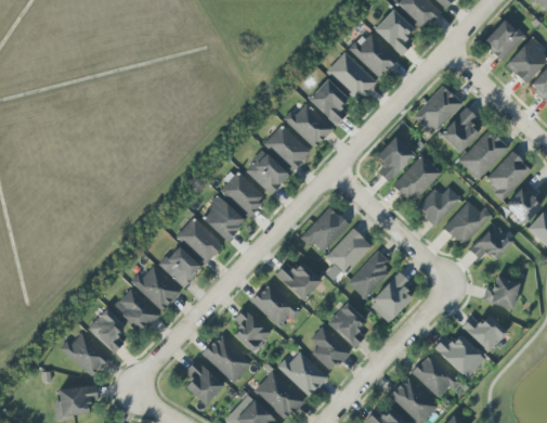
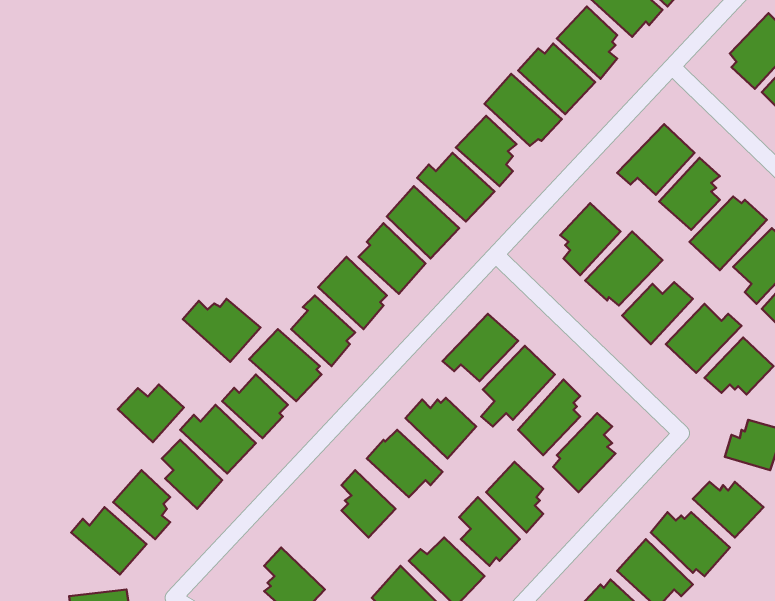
building: none -> [183,299,261,362]
building: none -> [118,384,184,442]
building: [201,335,252,383] -> none

